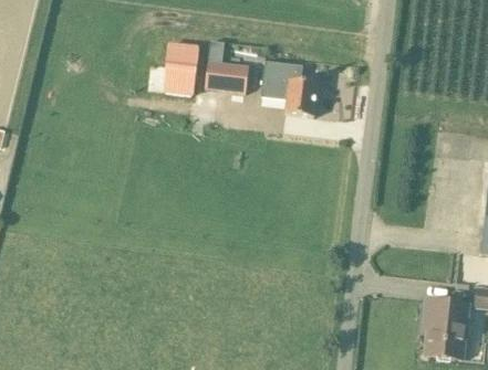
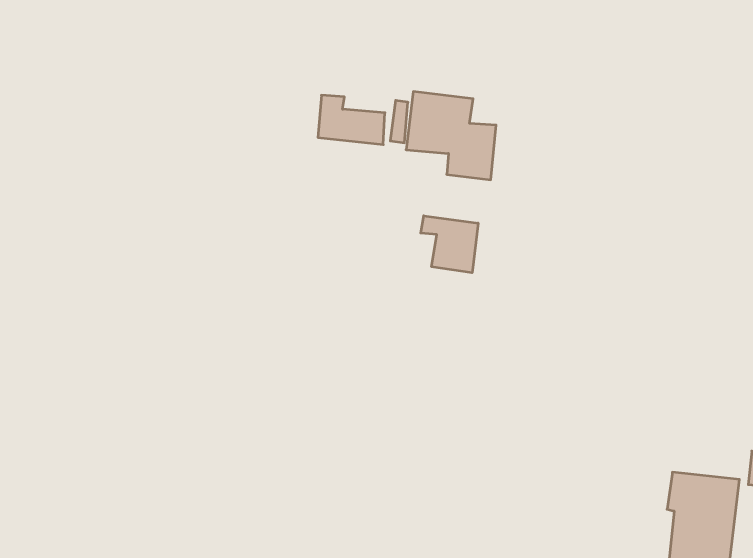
building: [165,41,195,93] -> none
building: none -> [421,216,478,273]

